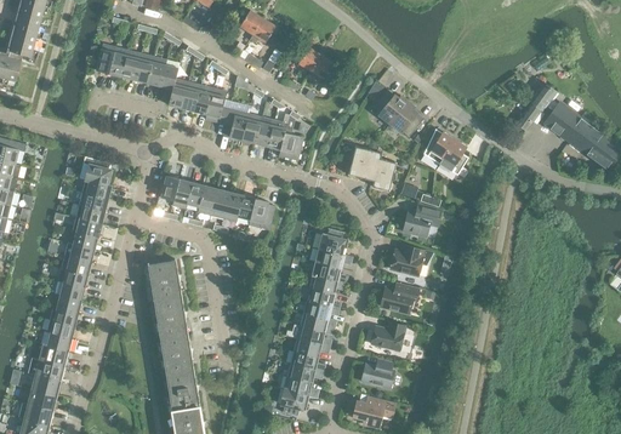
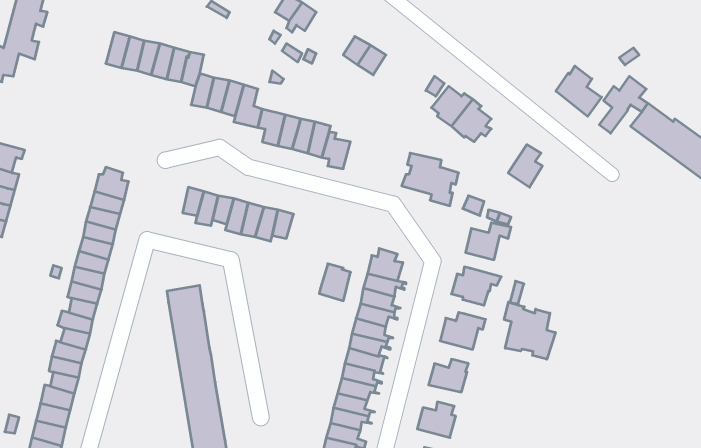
building: none -> [556,66,602,116]
building: [422,129,454,164] -> none
building: [247,199,274,230] -> [319,264,351,301]
building: none -> [504,302,555,359]

